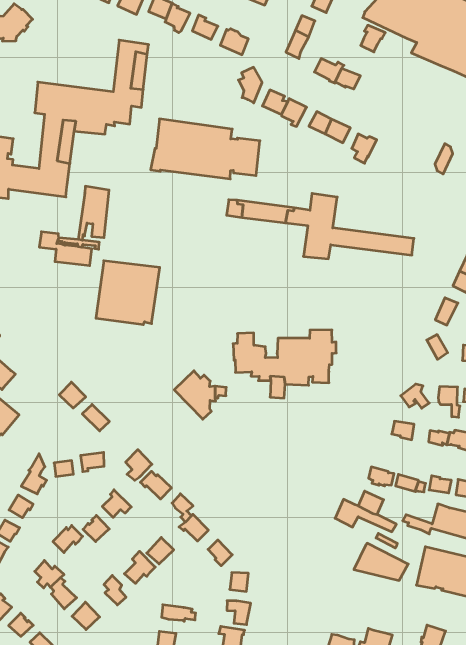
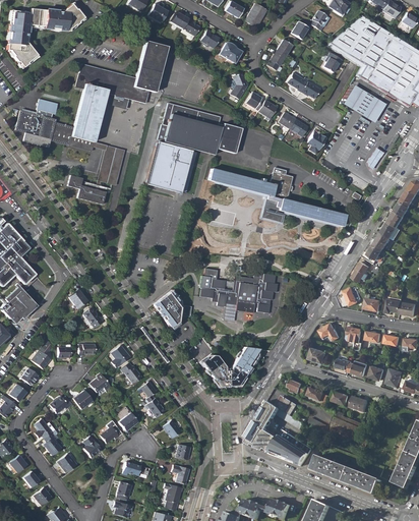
building: none -> [344,85,386,124]
building: [96,261,160,325] -> [145,142,197,193]
building: none -> [196,348,256,388]
building: none -> [246,414,281,454]

